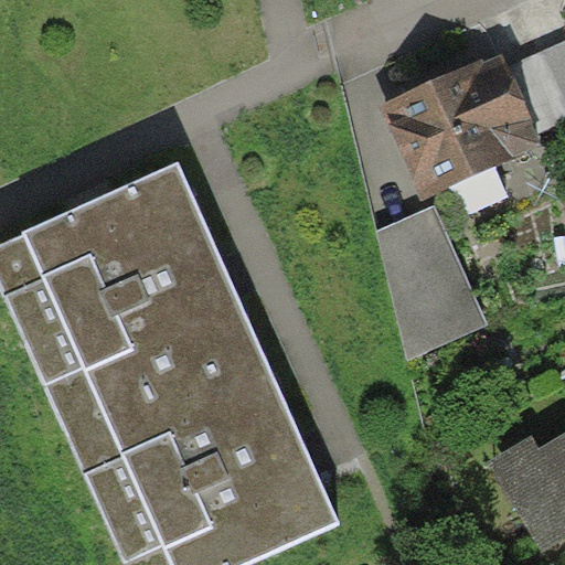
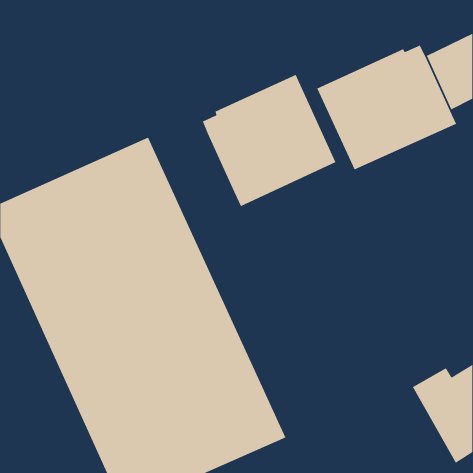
building: none -> [202,74,336,207]
building: [375,205,487,361] -> none

